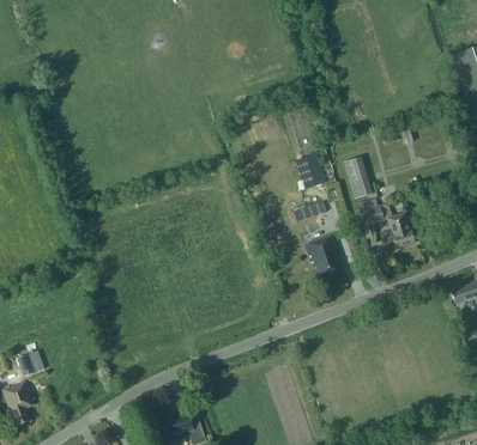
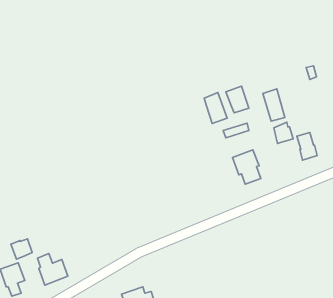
building: none -> [204,93,227,124]
building: none -> [38,254,68,285]

